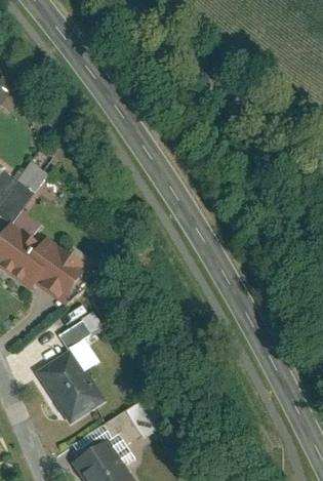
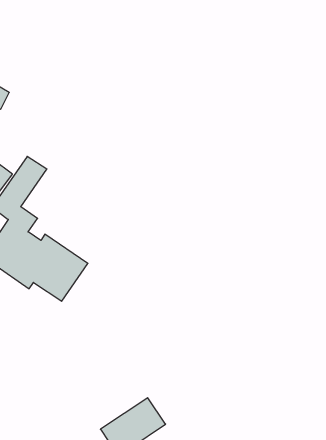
building: [34,311,106,425] -> none

